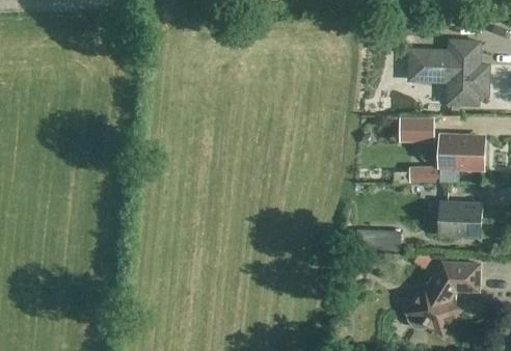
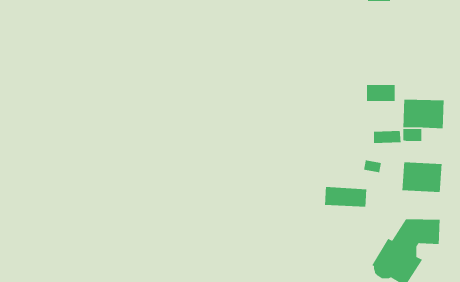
building: [409,40,488,104] -> none

